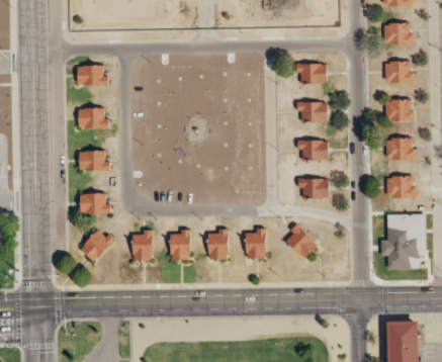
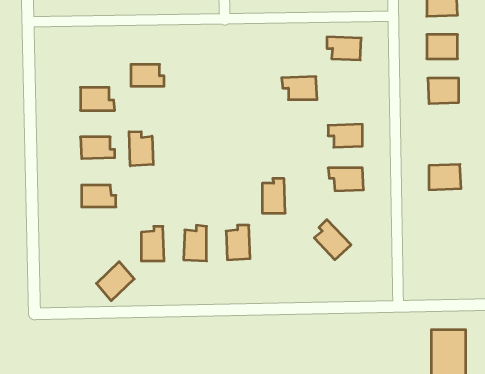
building: [78,66,107,85] -> [131,64,164,86]
building: [296,102,328,122] -> [282,77,317,100]
building: [386,138,414,160] -> none
building: none -> [129,132,153,166]
building: [381,214,426,269] -> none
building: [80,229,113,263] -> [96,262,134,301]
building: [246,229,266,259] -> [262,179,285,213]

